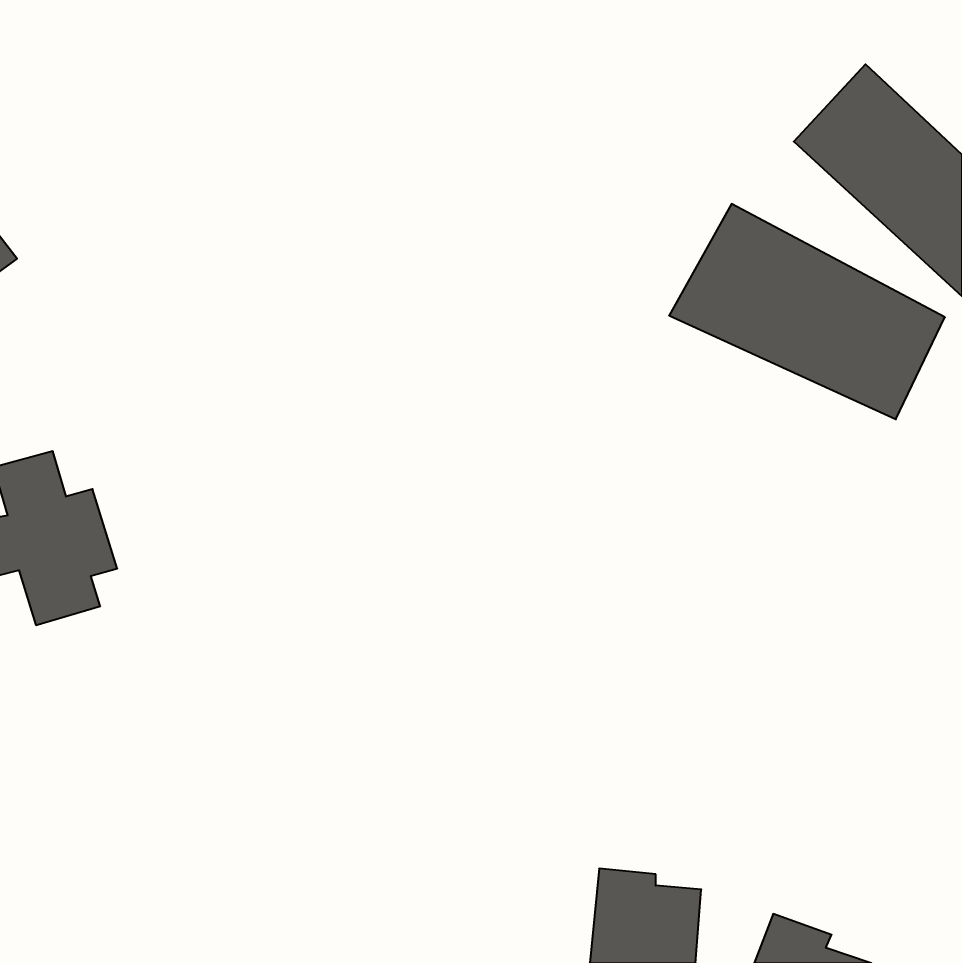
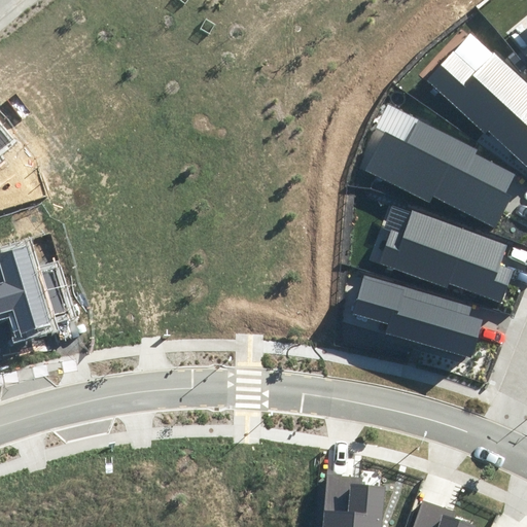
building: none -> [380,210,511,303]
building: none -> [355,276,481,357]

